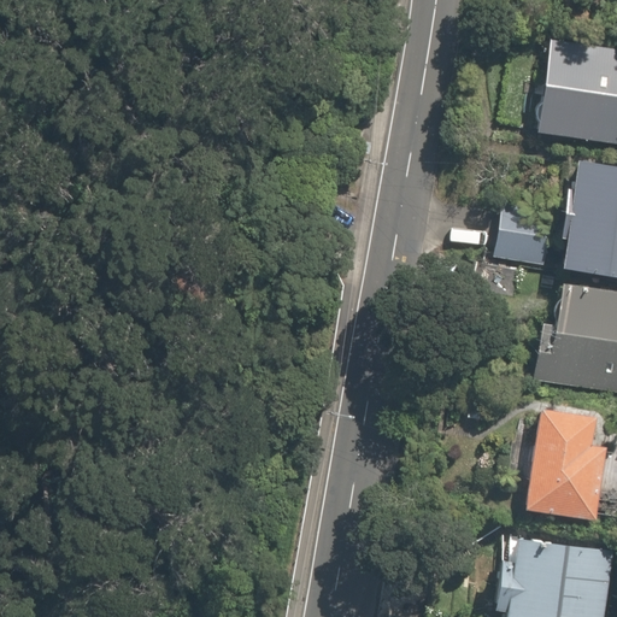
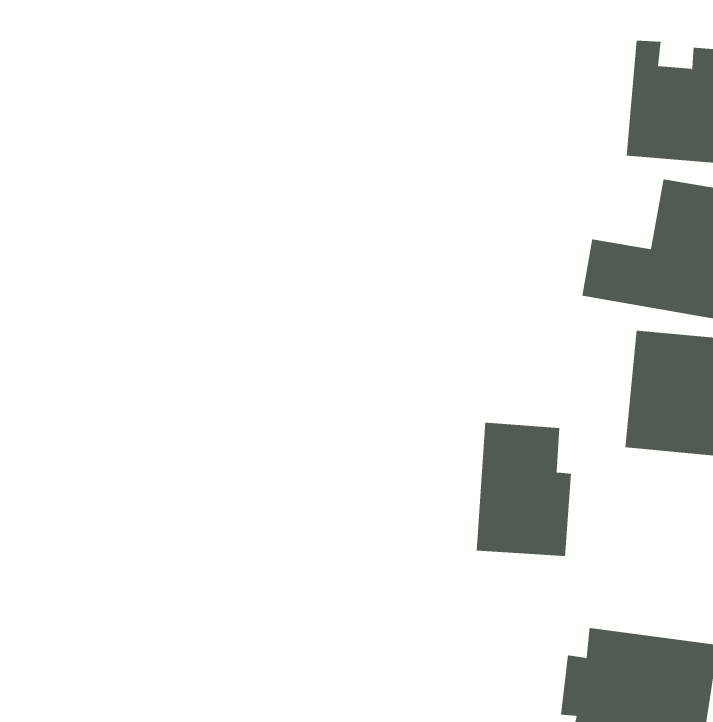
building: [528,407,609,521] -> [476,422,572,556]

